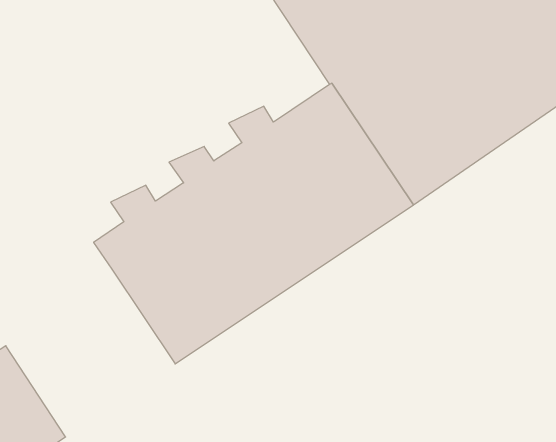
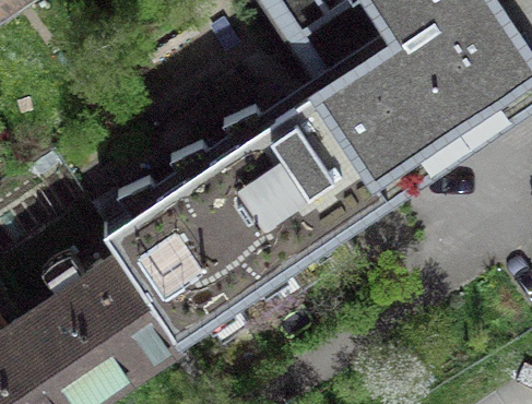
building: none -> [19,245,170,395]

